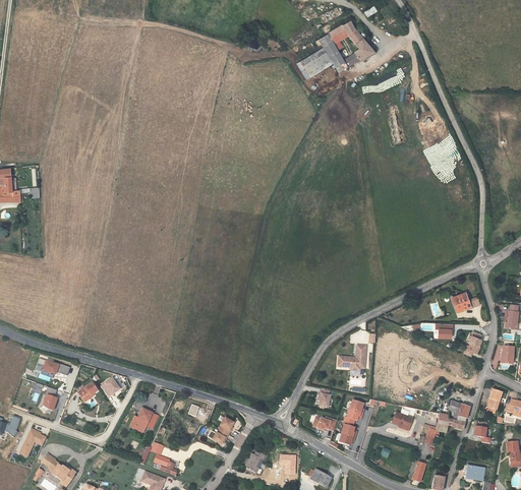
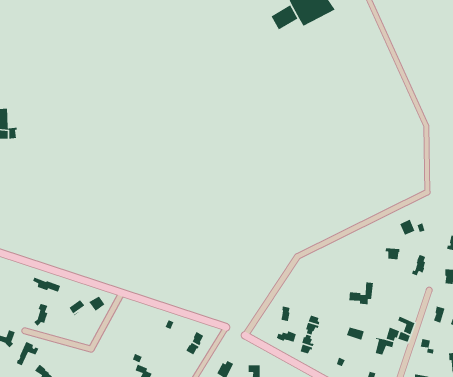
building: [337,344,365,370] -> [348,282,374,305]
building: [129,407,158,432] -> none

